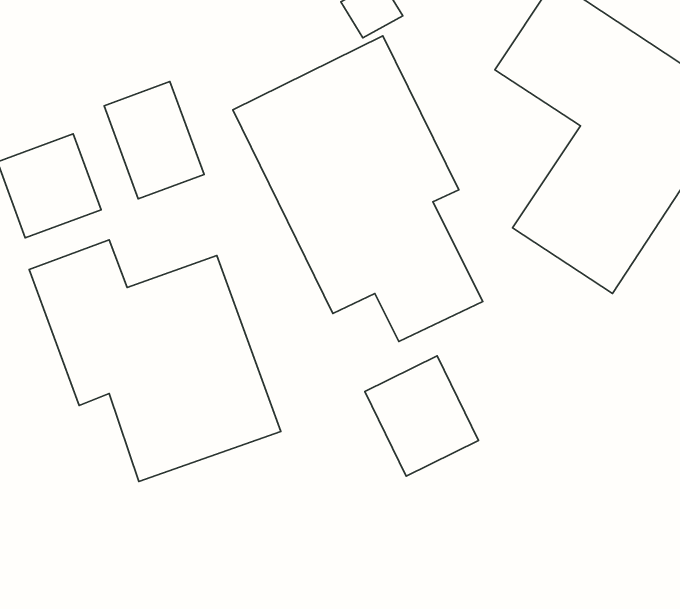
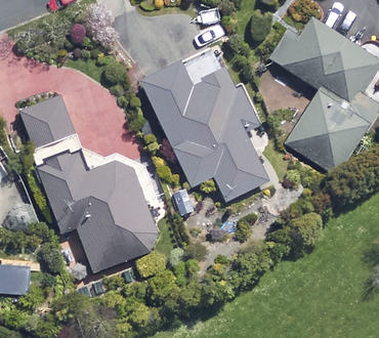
building: [104,82,204,199] -> none
building: [365,356,479,476] -> none

